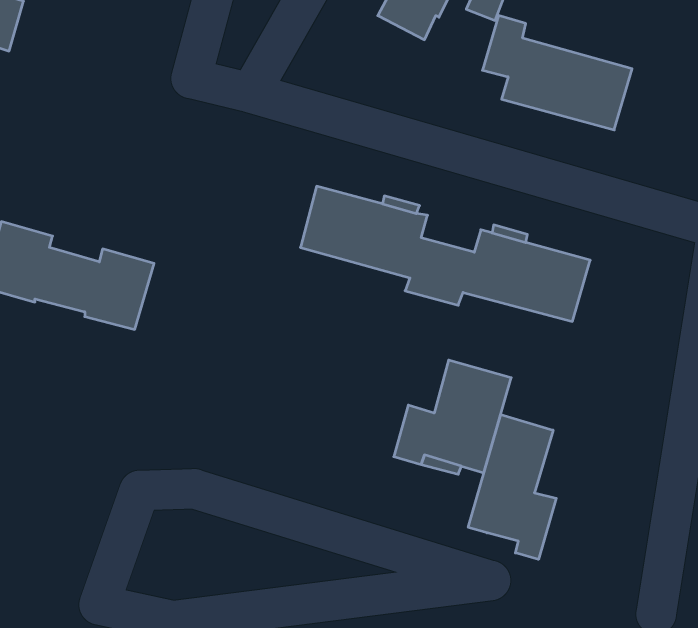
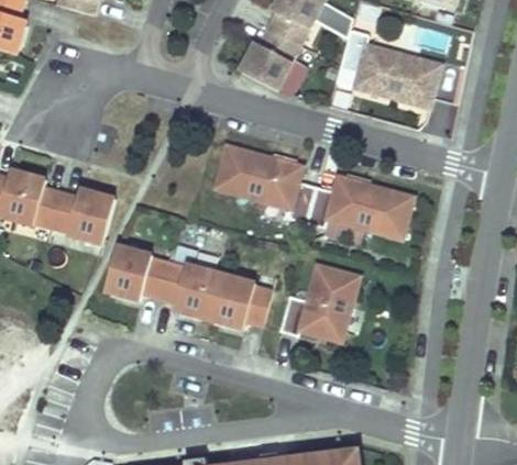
building: none -> [241,29,300,90]
building: none -> [105,244,273,328]
building: [468,414,556,559] -> none

